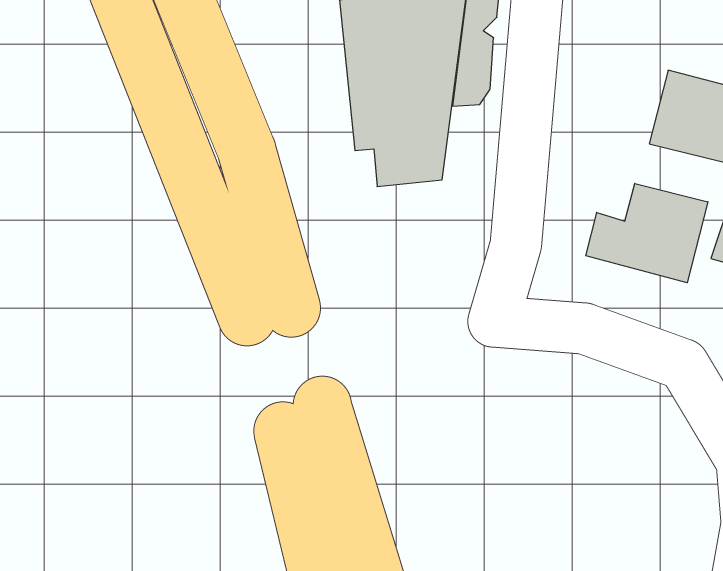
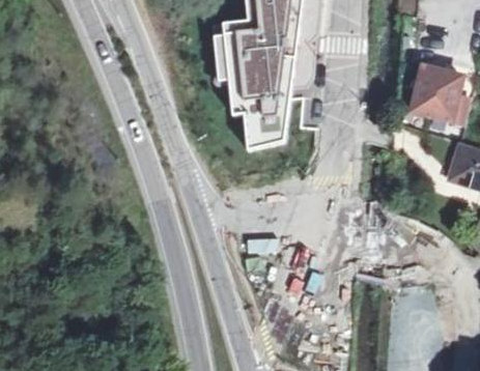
building: [586,183,708,283] -> none

